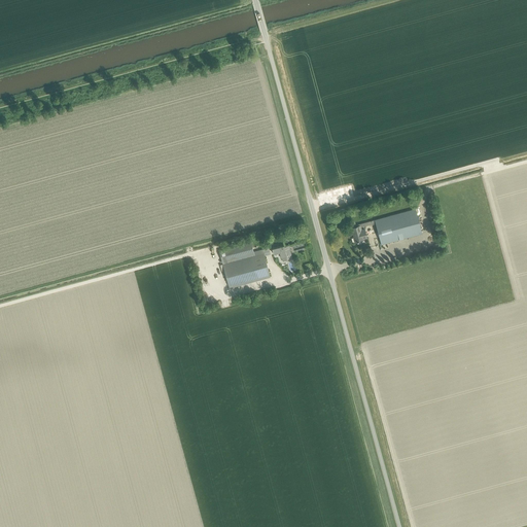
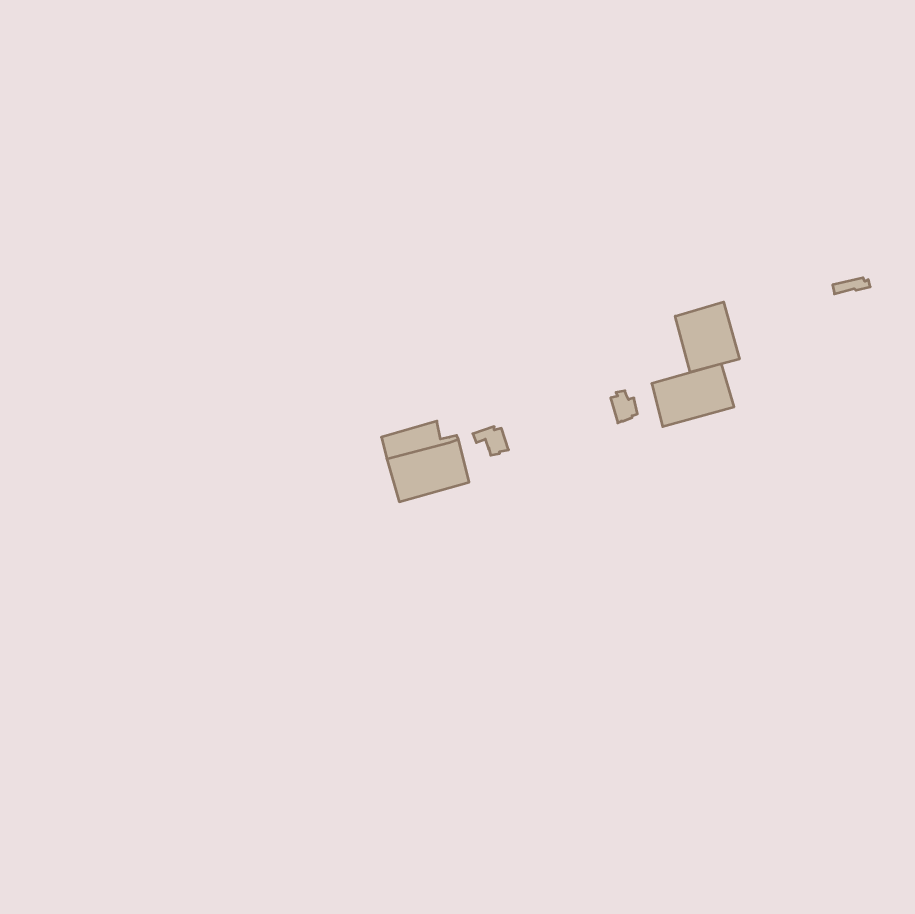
building: none -> [675,302,739,372]

